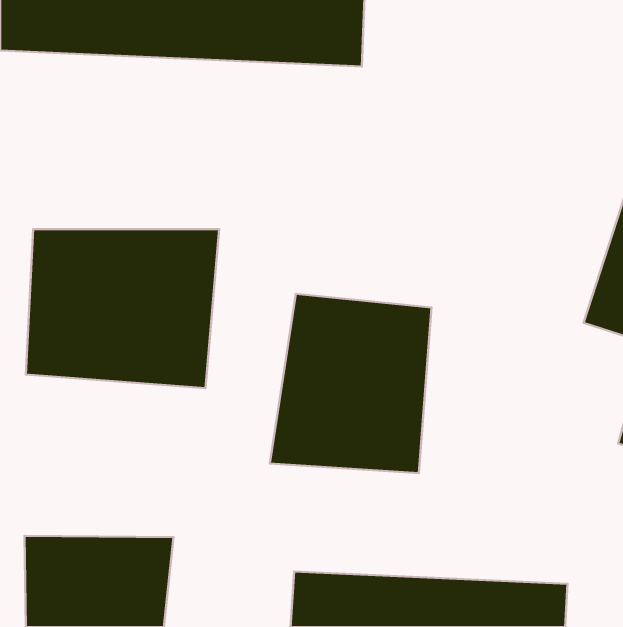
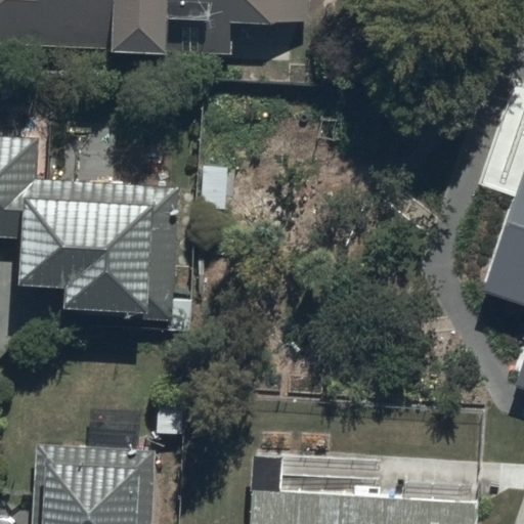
building: [270,294,431,473] -> none

